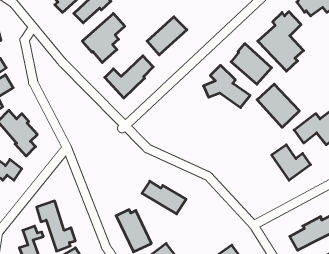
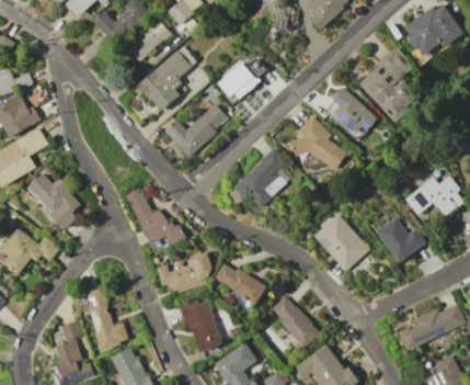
building: [257,84,299,127] -> [313,214,367,269]
building: none -> [234,148,289,206]
building: none -> [126,189,187,246]
building: none -> [156,252,213,294]
building: none -> [271,296,320,348]

